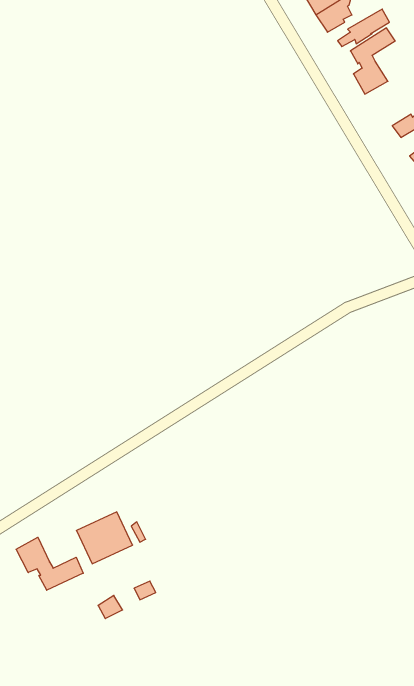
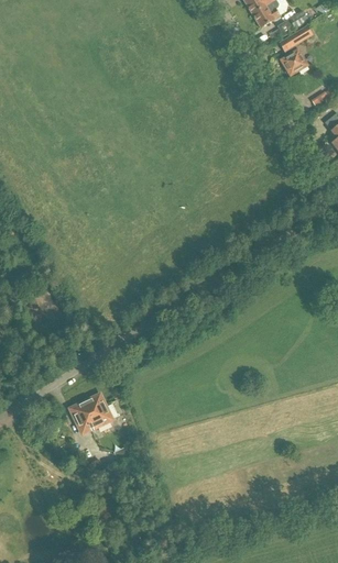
building: [16,537,83,590] -> none

